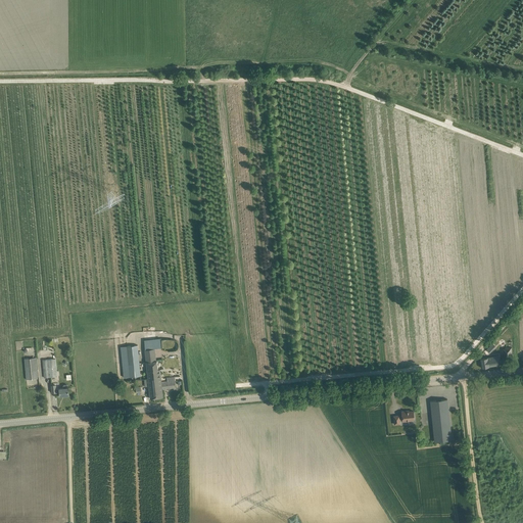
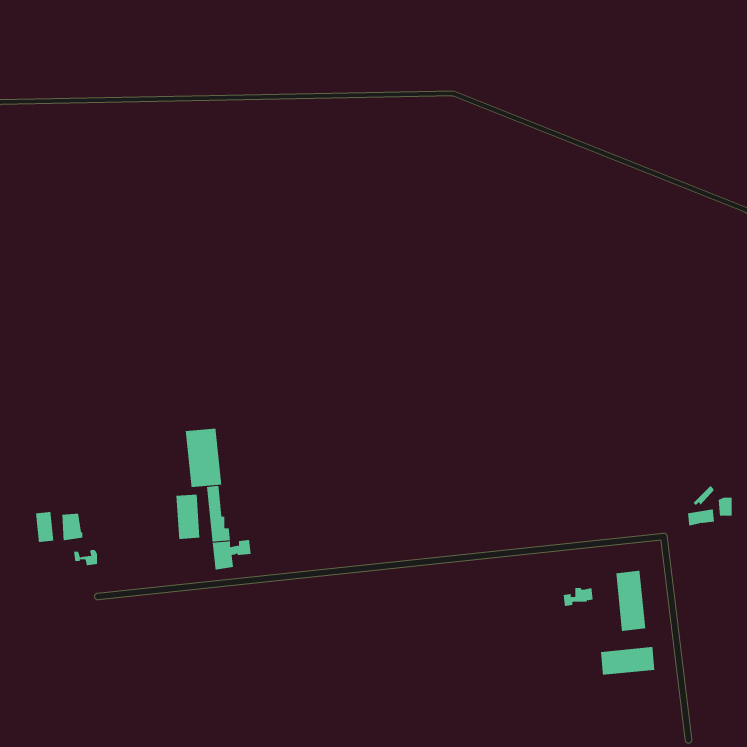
building: none -> [185,428,222,488]
building: none -> [600,646,655,676]

